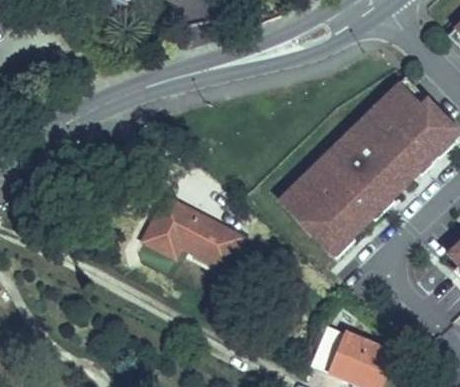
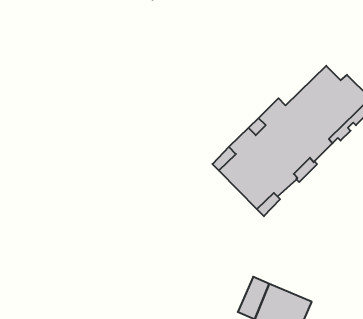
building: [353,76,429,134] -> none
building: [140,196,239,267] -> none

